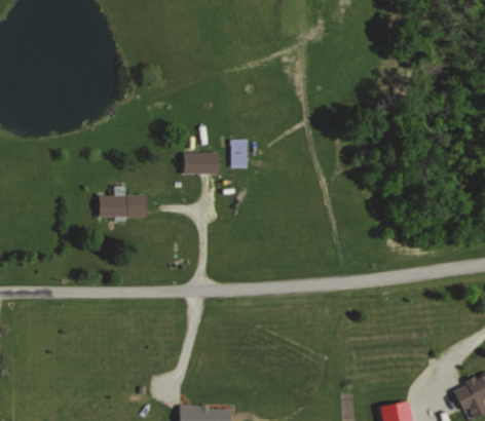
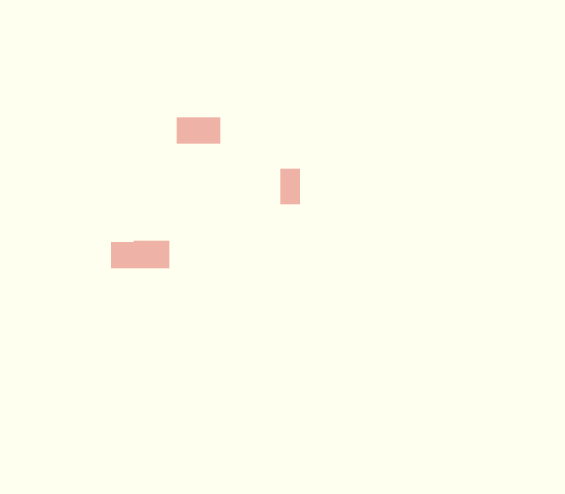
building: [184,152,219,174] -> [176,116,221,144]

